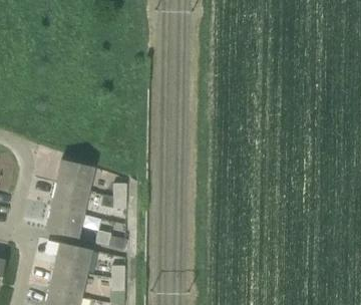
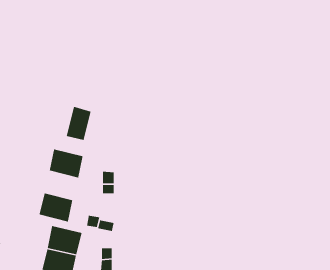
building: none -> [66,106,91,141]
building: [51,184,88,215] -> none

